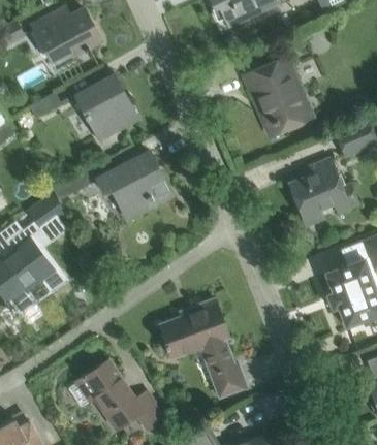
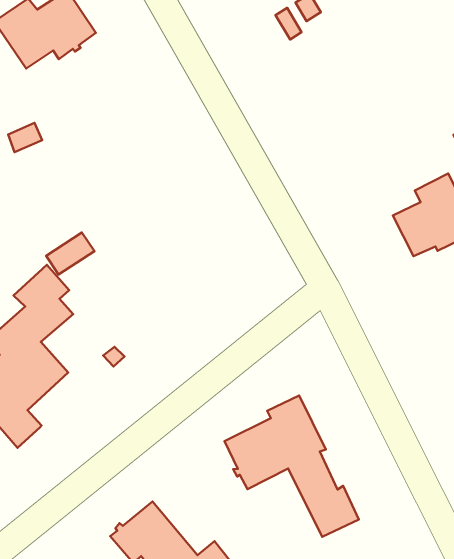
building: [244,58,306,131] -> none
building: [75,75,137,132] -> none
building: [97,152,171,209] -> none

